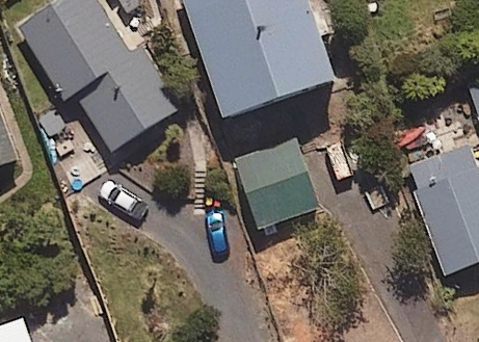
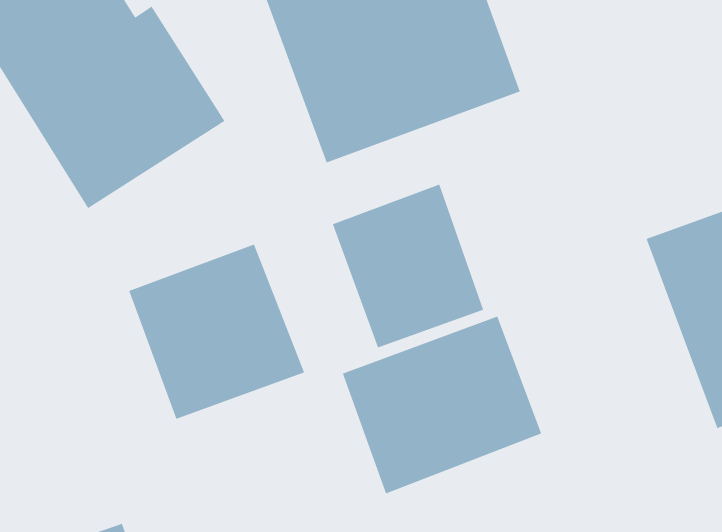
building: none -> [128,244,305,420]
building: none -> [342,316,542,494]

